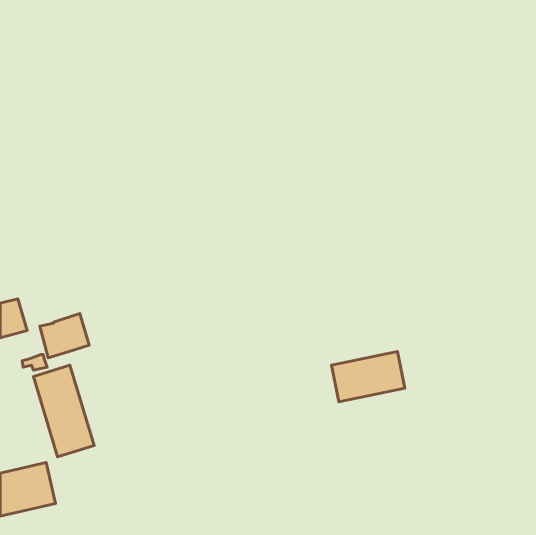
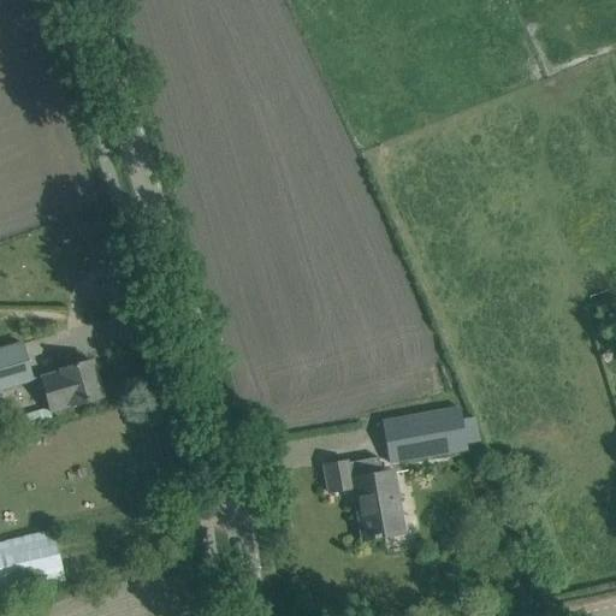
building: [33,365,94,457] -> none
building: none -> [322,455,403,539]

